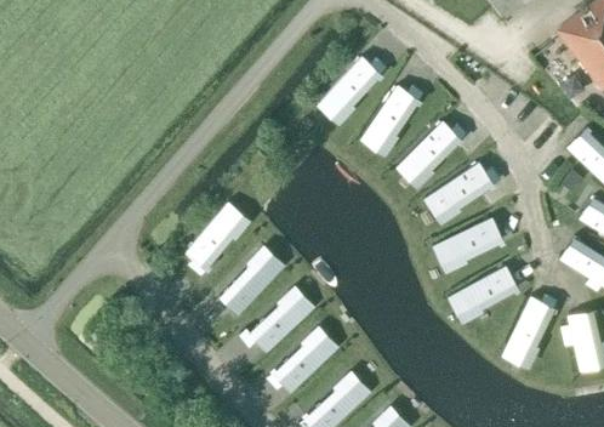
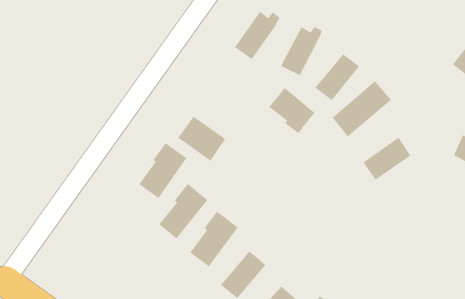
building: none -> [269,87,315,134]
building: none -> [177,116,235,162]
building: [448,268,518,315] -> none
building: [500,292,552,365] -> none

